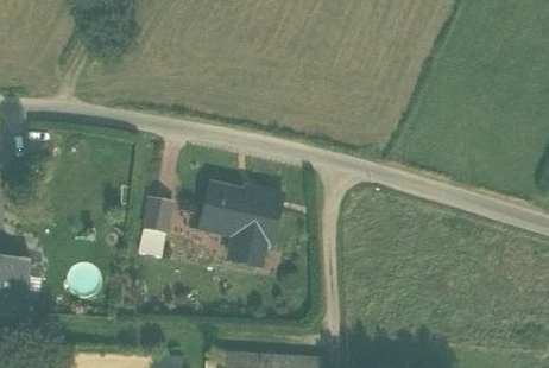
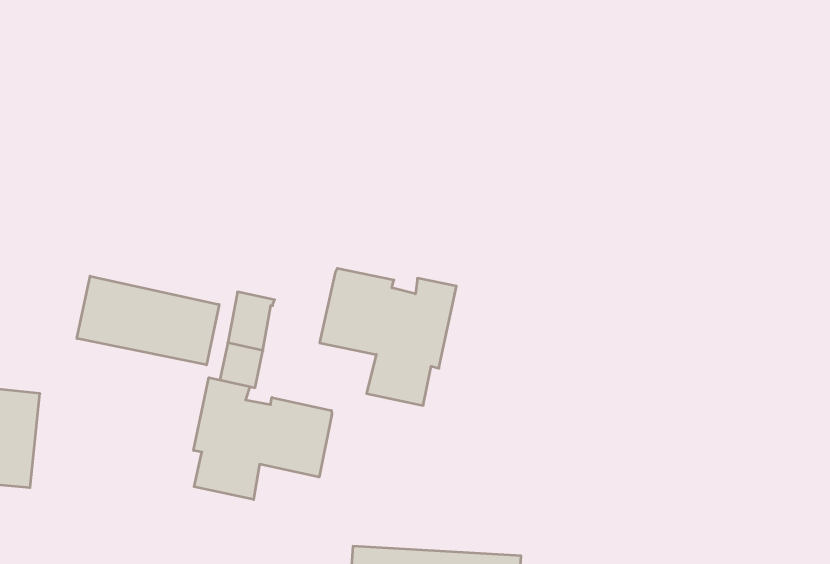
building: none -> [77,276,219,365]
building: none -> [194,378,332,500]

